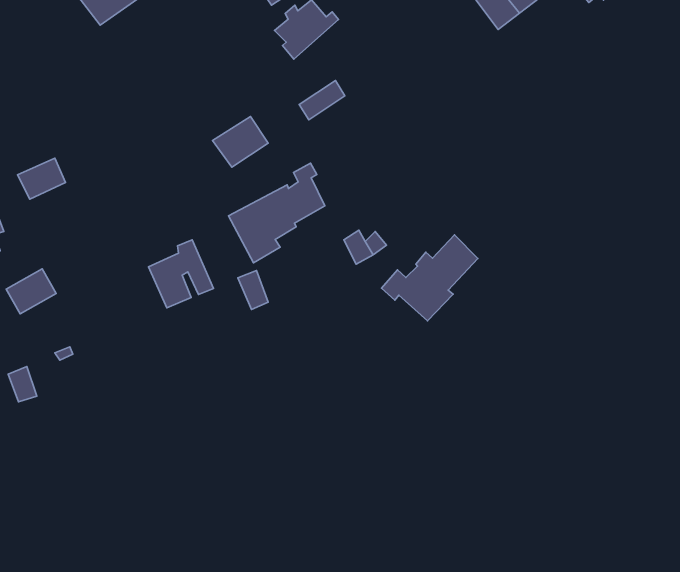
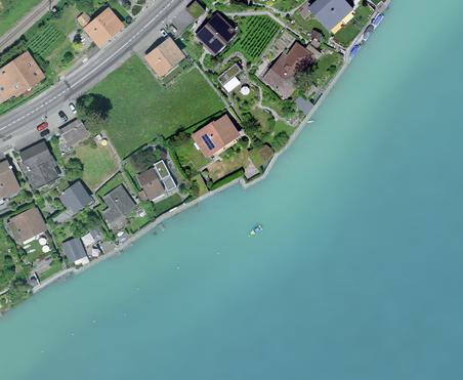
building: [212,116,268,167] -> [149,42,180,72]
building: [381,235,478,321] -> [258,44,311,94]
building: none -> [107,189,132,220]

